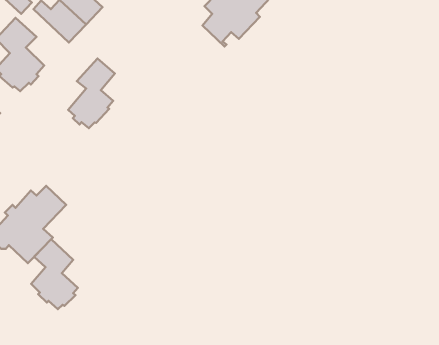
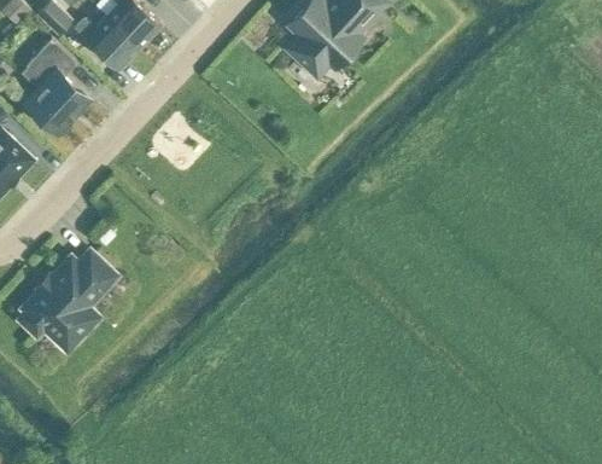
building: [68,58,115,128] -> none
building: [31,239,78,309] -> none

